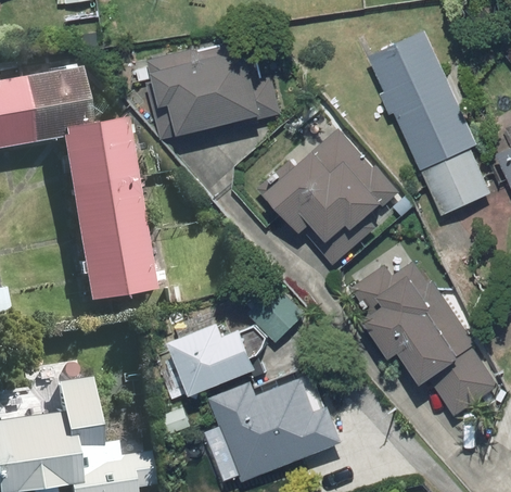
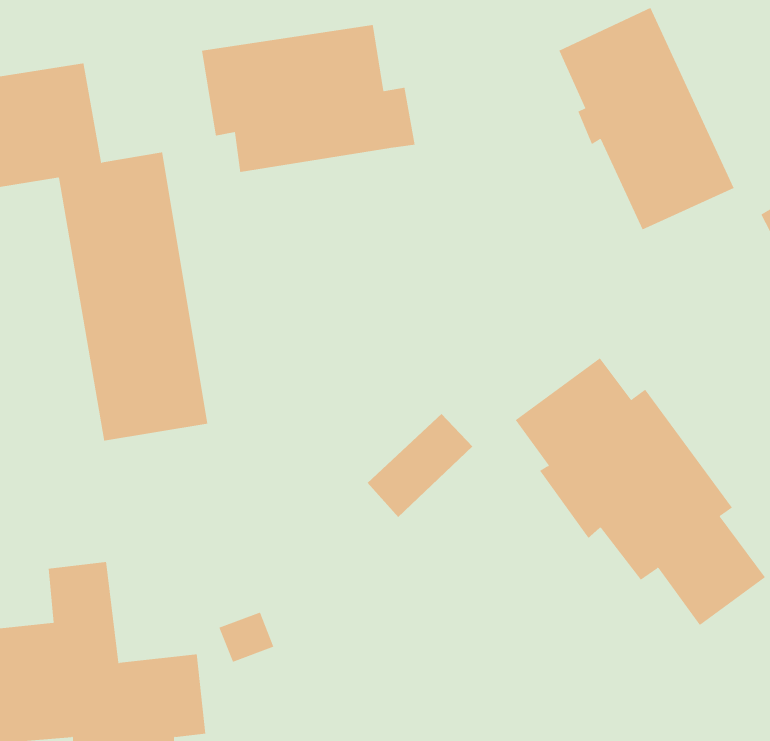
building: [263,126,396,244] -> none
building: [423,151,493,216] -> none
building: [166,317,255,398] -> none
building: [206,375,344,481] -> none

